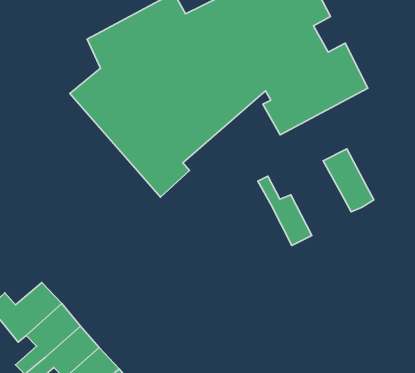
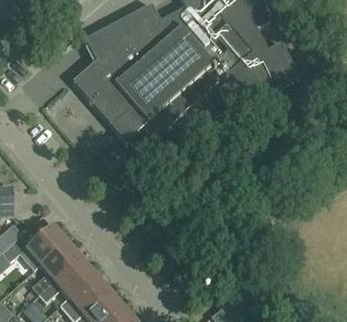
building: [323,149,374,212] -> none
building: [258,176,312,246] -> none

